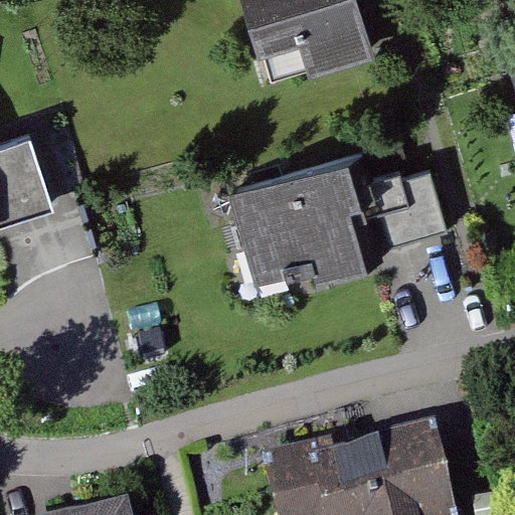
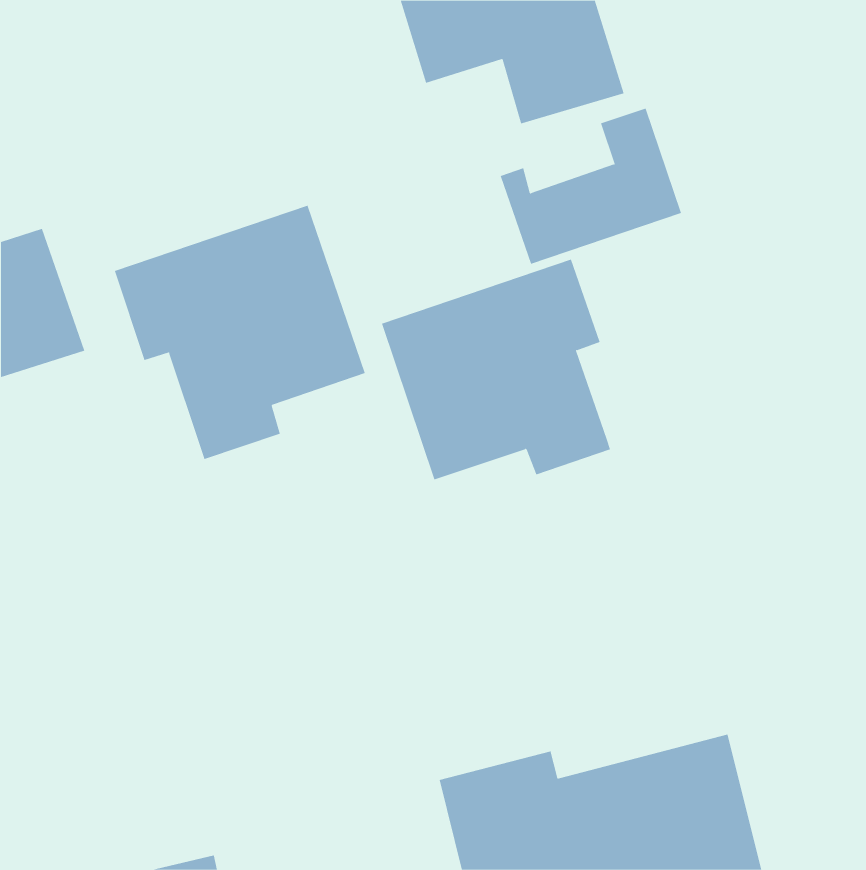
building: none -> [114,205,365,460]
building: [343,167,451,260] -> [500,108,682,264]

